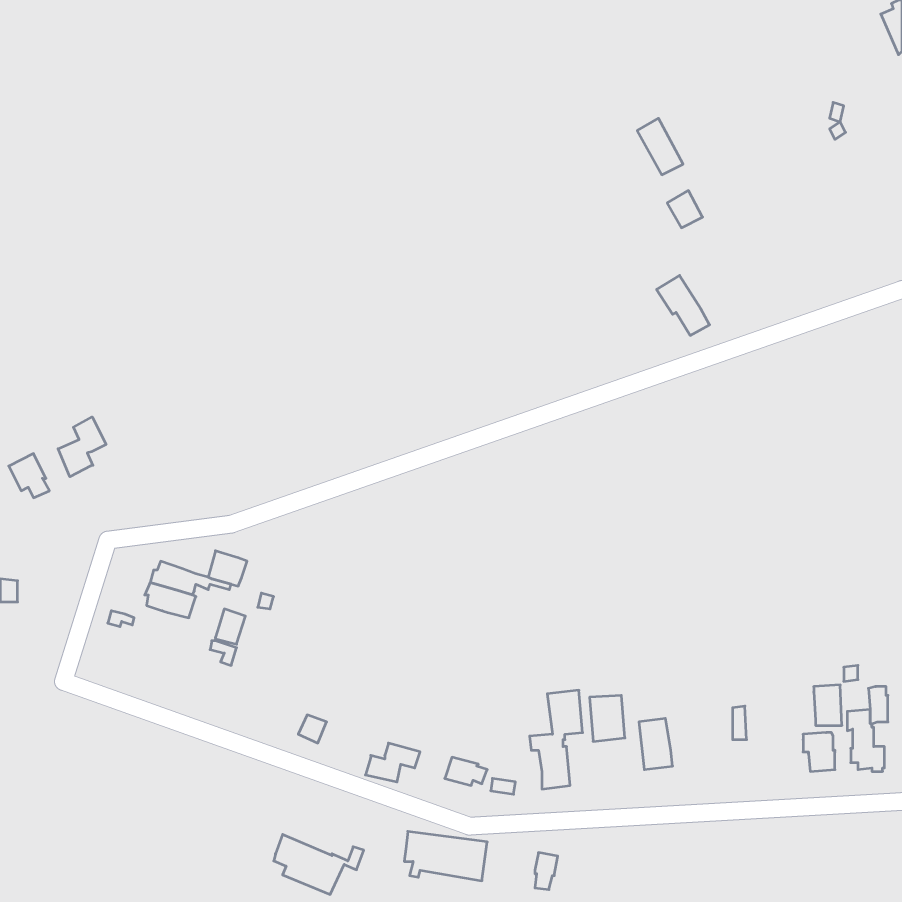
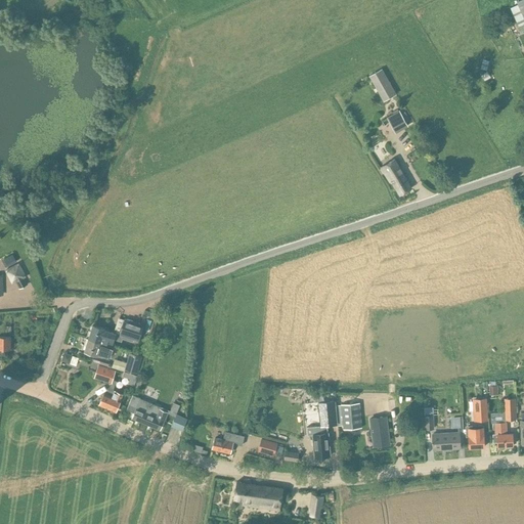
building: [58,417,106,477] -> none
building: none -> [95,365,123,411]
building: none -> [432,433,461,450]
building: [274,834,364,894] -> [127,395,179,430]

